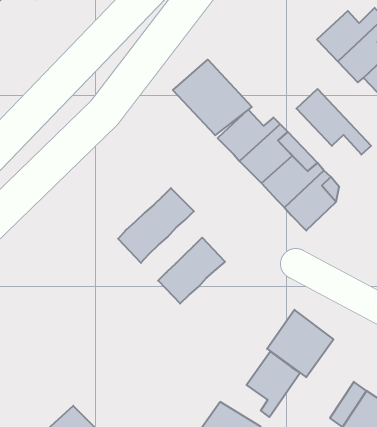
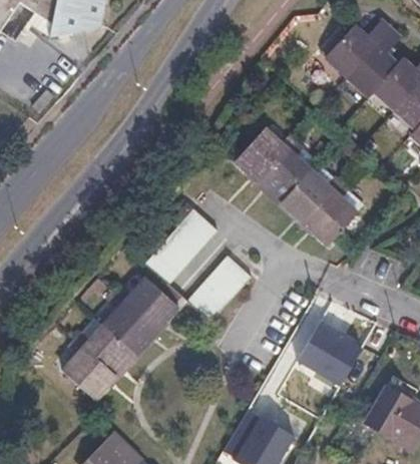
building: [173,60,252,135] -> none
building: [296,89,371,155] -> none
building: none -> [61,281,177,403]
building: [247,351,300,417] -> none

